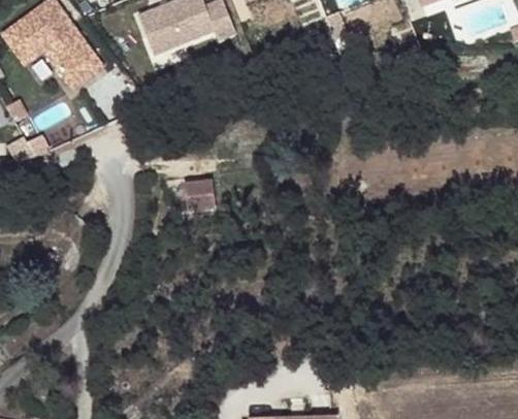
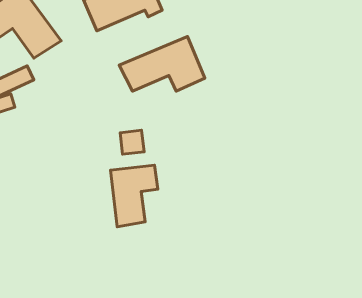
building: none -> [119,37,205,91]
building: none -> [111,165,158,227]

